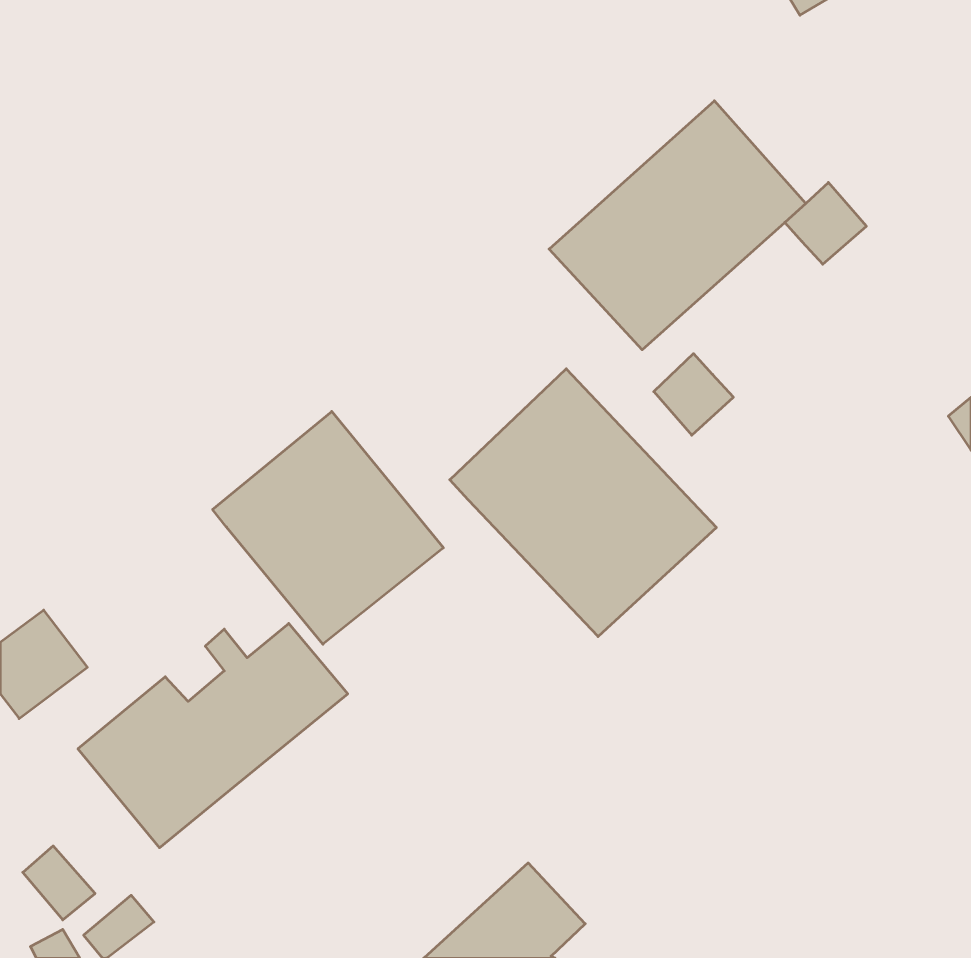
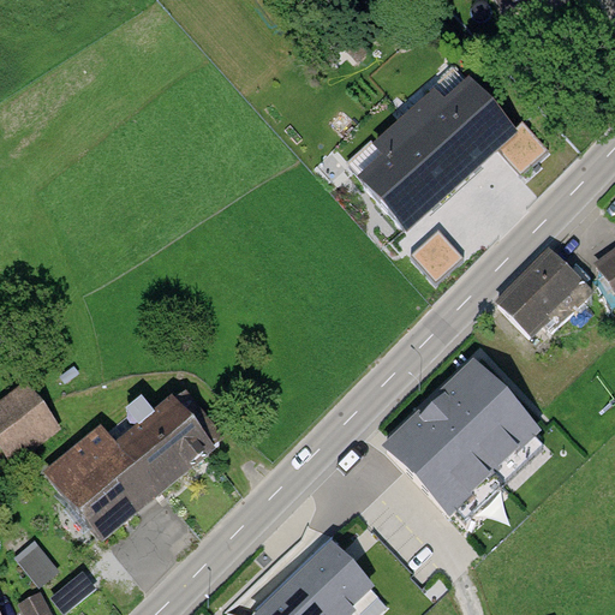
building: [450,369,716,637] -> none
building: none -> [498,251,593,333]
building: [213,411,443,644] -> none
building: none -> [387,363,537,512]

